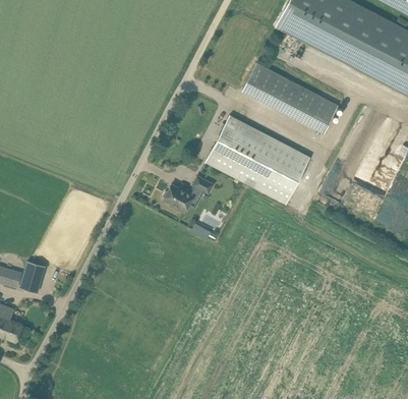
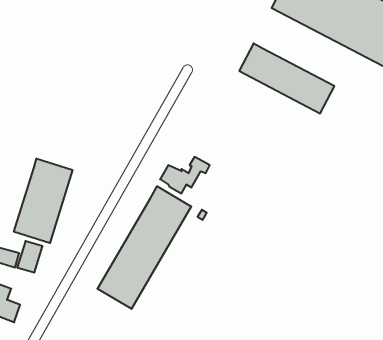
building: [205,114,310,204] -> none
building: none -> [14,159,72,243]
building: none -> [97,186,191,309]

